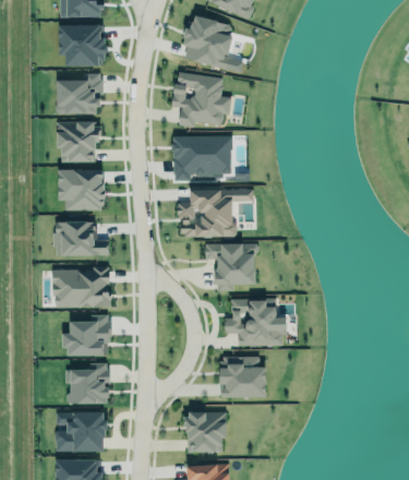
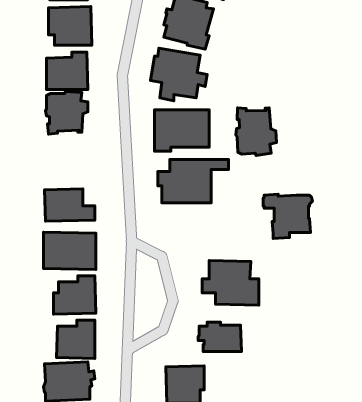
building: none -> [236,108,276,156]
building: [58,169,105,212] -> none
building: [206,243,260,291] -> [263,194,313,239]

